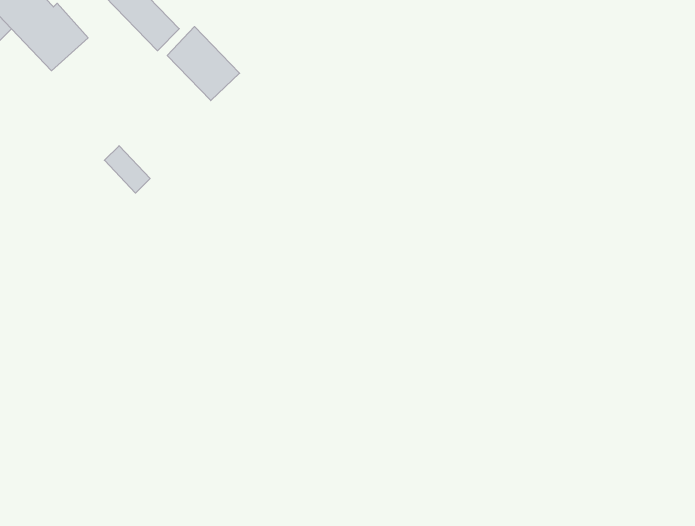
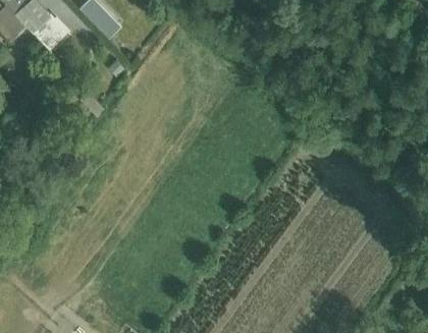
building: [167,27,240,101] -> none

